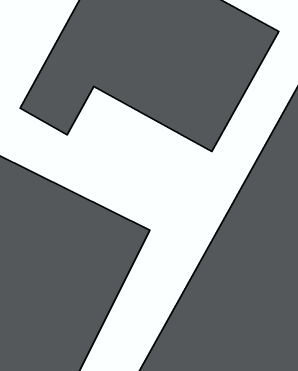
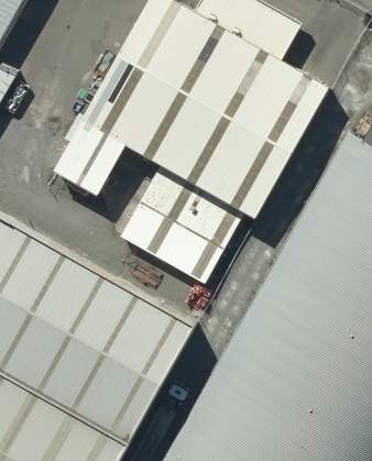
building: none -> [116,169,240,279]

